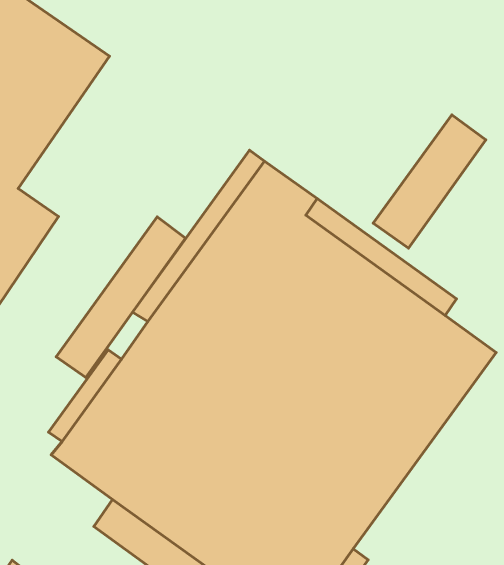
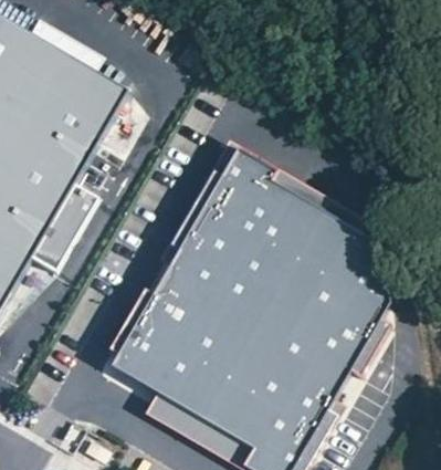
building: [373,115,486,248] -> none
building: [56,217,185,377] -> none

